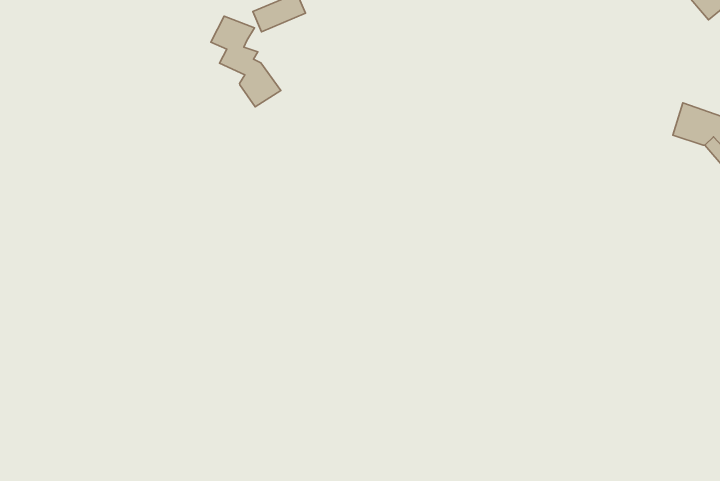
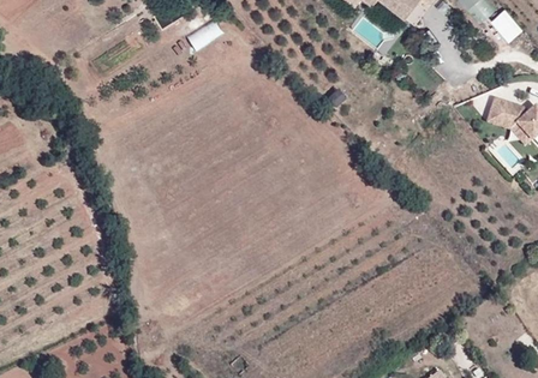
building: [211,16,281,107] -> none

